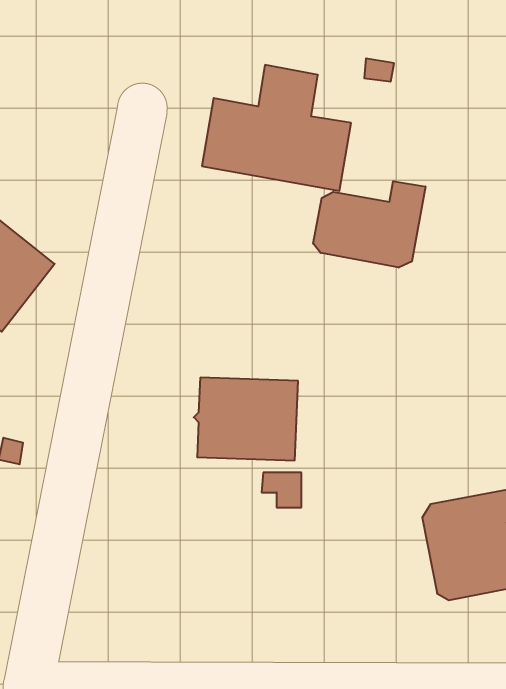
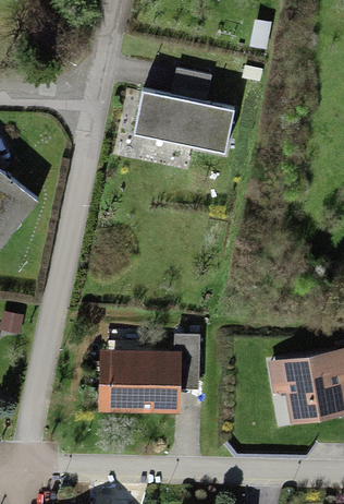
building: [313,181,425,268] -> none
building: [194,378,298,460] -> [109,356,177,410]

